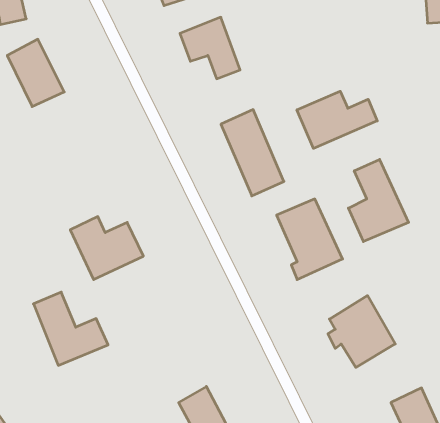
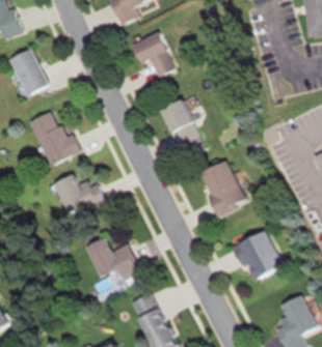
building: [297,91,377,148] -> none
building: none -> [30,111,80,166]
building: [348,159,409,242] -> none
building: [33,292,108,365] -> [86,236,139,288]

